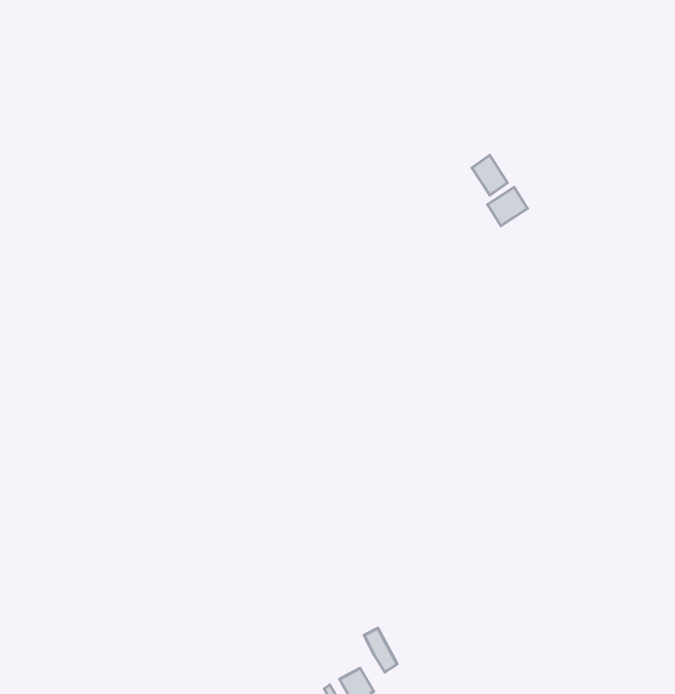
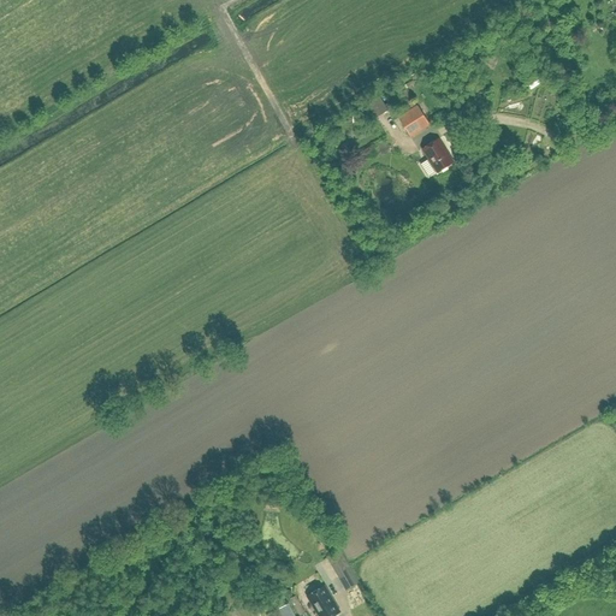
building: none -> [398,103,430,136]
building: [488,187,527,226] -> none

